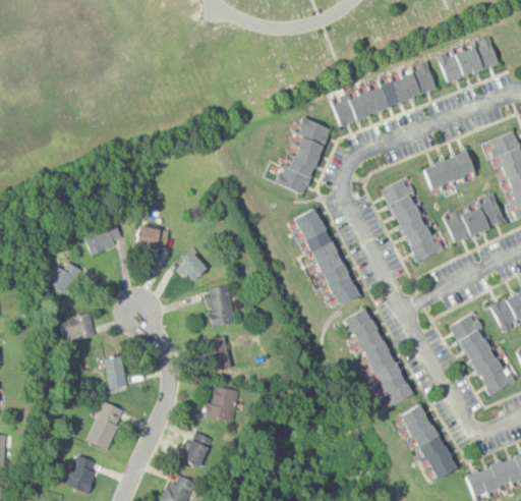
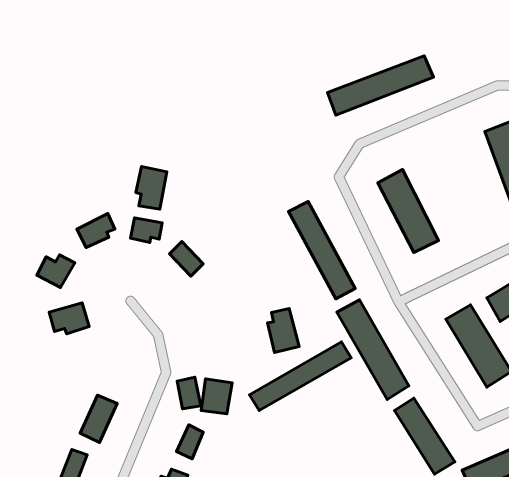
building: [440,41,500,82] -> none
building: [278,119,331,196] -> none
building: [423,151,474,190] -> none
building: none -> [136,167,167,209]
building: [445,199,504,242] -> none
building: [206,284,237,328] -> [267,308,299,353]
building: [206,337,229,369] -> [177,377,201,409]
building: none -> [250,342,351,411]
building: [102,356,127,389] -> none

